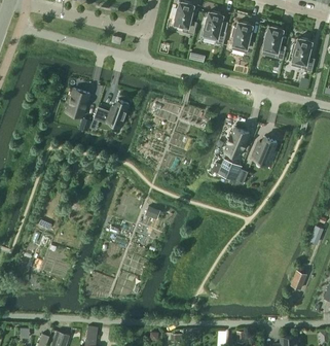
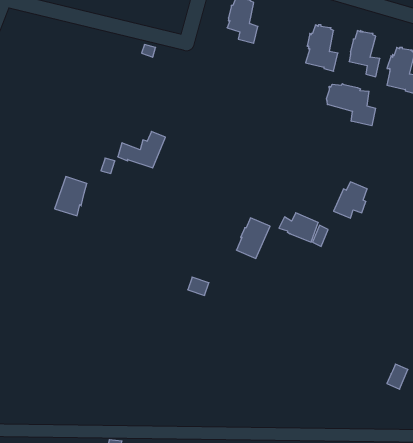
building: [203,11,226,45] -> none
building: none -> [326,84,375,126]
building: [66,89,89,117] -> [55,177,87,216]
building: [224,128,249,158] -> [236,218,270,258]

